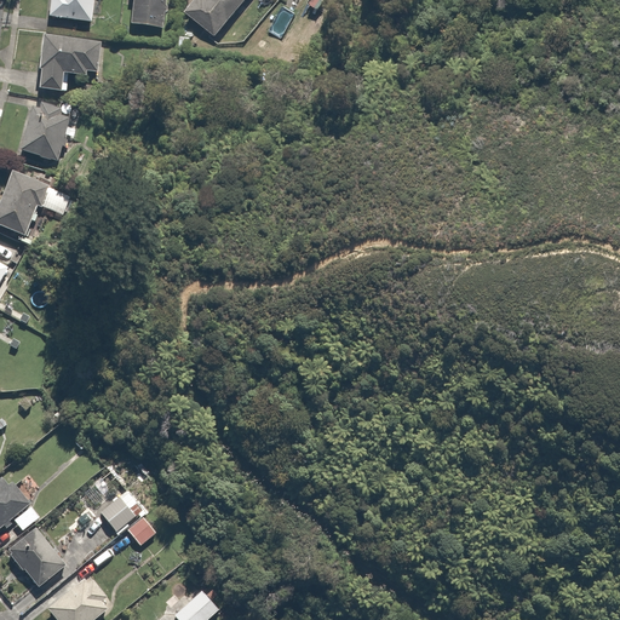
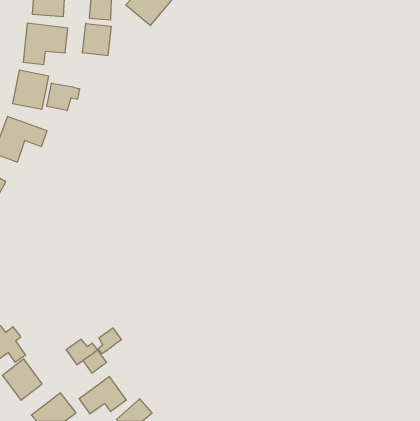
building: none -> [83,23,111,56]
building: none -> [47,83,80,111]
building: none -> [98,328,121,354]
building: none -> [79,376,126,414]

